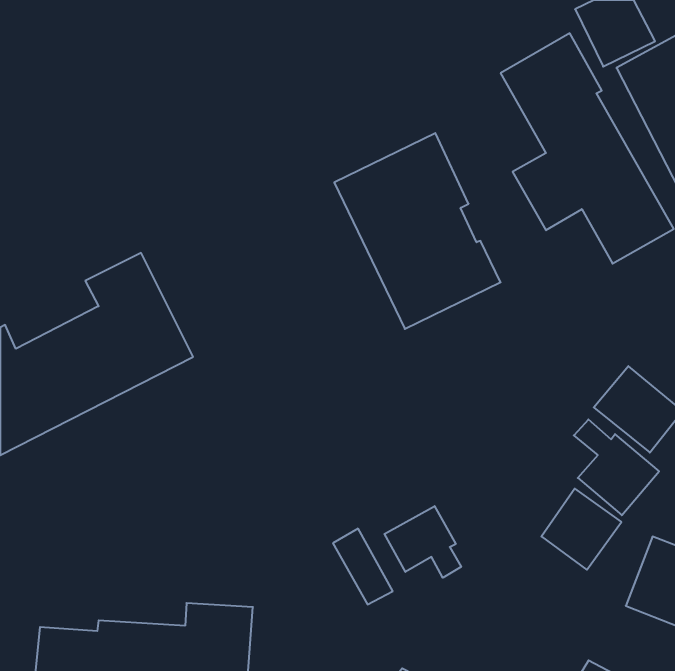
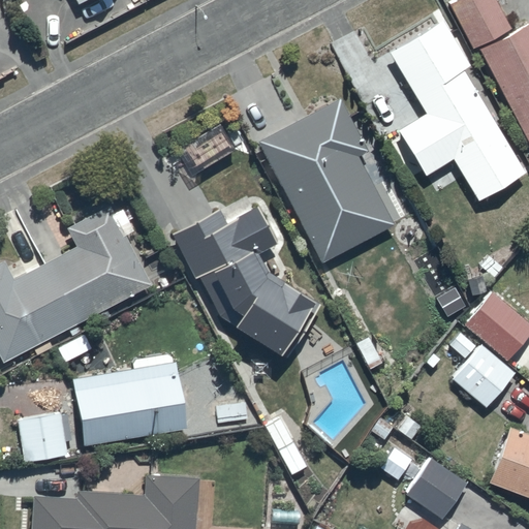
building: none -> [174,196,322,356]
building: none -> [73,353,188,443]
building: [541,489,621,570] -> [406,456,468,519]
building: [384,506,461,578] -> none
building: none -> [18,412,68,461]

